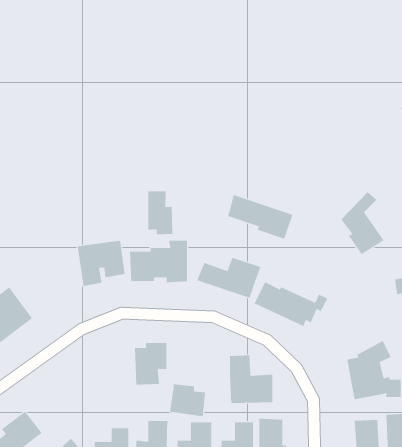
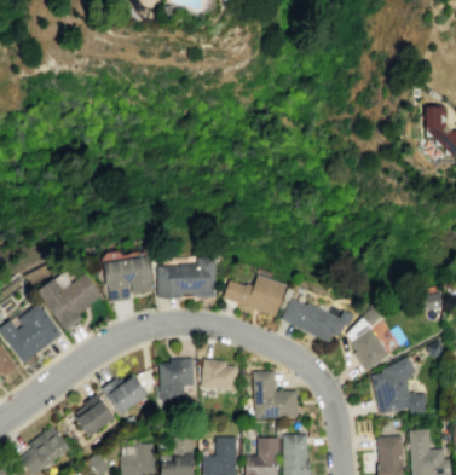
building: [148,191,173,235] -> none
building: [341,191,384,255] -> [346,306,389,369]
building: [228,194,293,239] -> none
building: none -> [35,272,100,332]
building: none -> [104,375,146,411]
building: none -> [76,393,112,435]
building: [169,384,206,417] -> [202,358,238,390]

